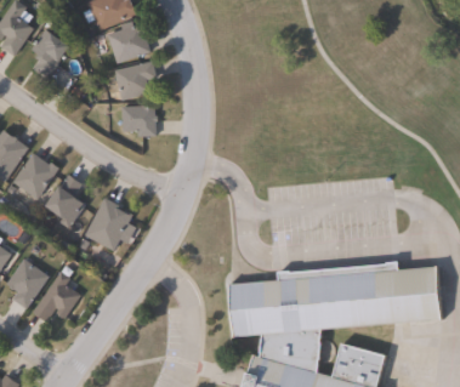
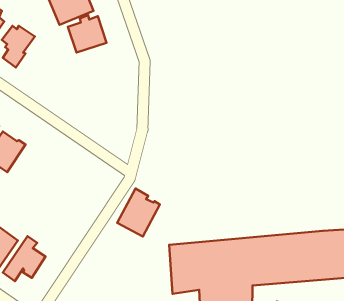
building: [115,62,157,101] -> none
building: [123,106,157,138] -> none
building: [46,175,86,228] -> none
building: [85,197,134,251] -> [117,188,160,237]

